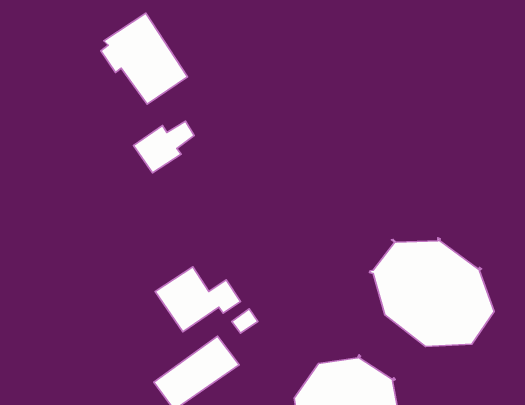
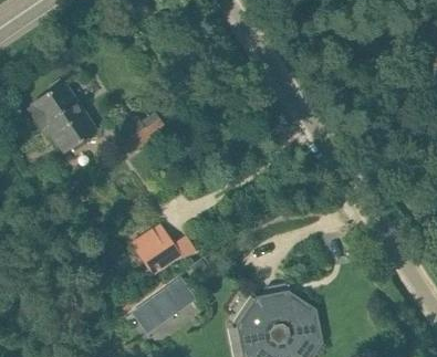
building: [101,13,188,104] -> [30,82,96,151]
building: [369,238,494,346] -> none

